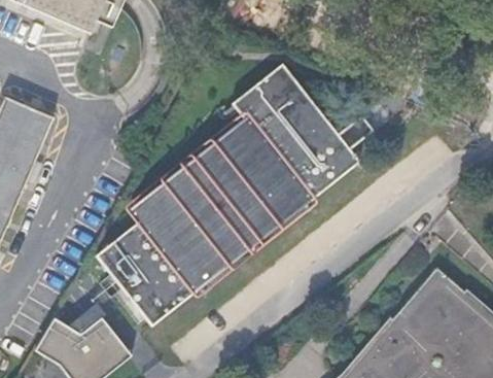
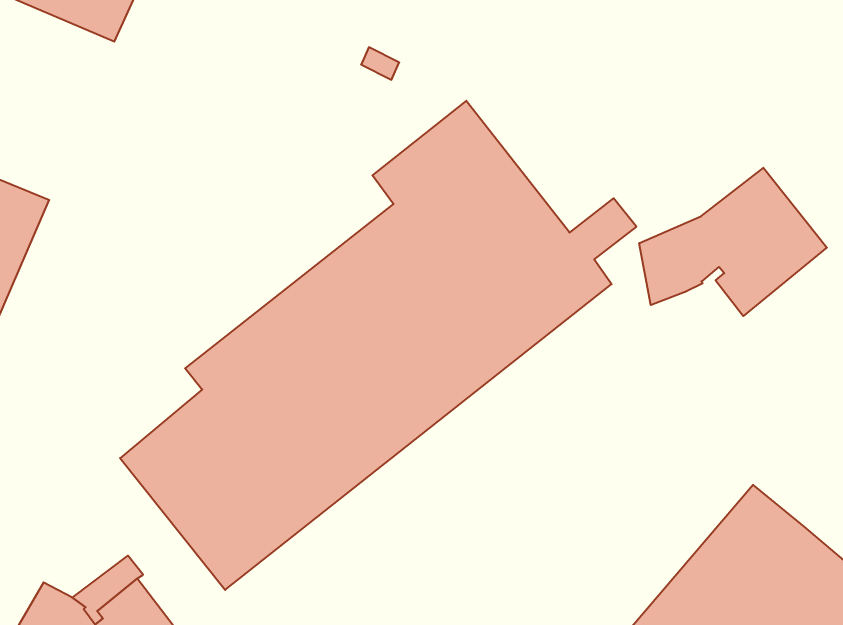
building: none -> [639,168,827,316]

